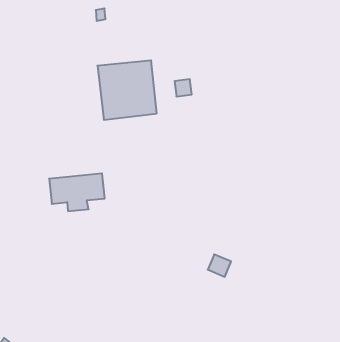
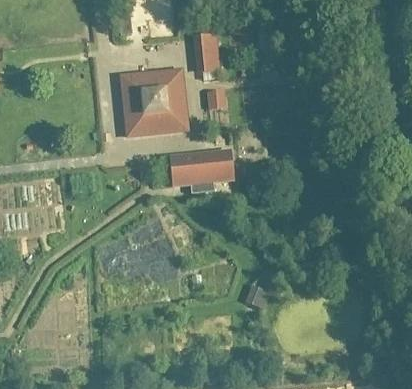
building: none -> [197,33,219,71]
building: [49,173,105,211] -> [171,150,233,192]

